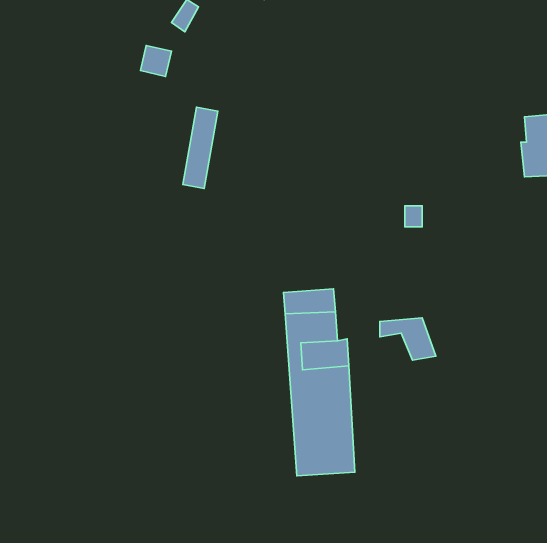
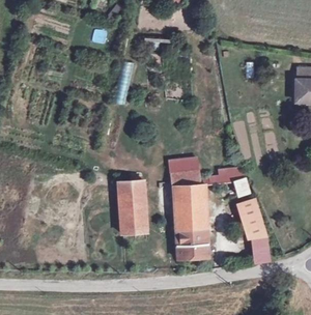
building: none -> [117,180,144,233]
building: none -> [238,201,267,262]

